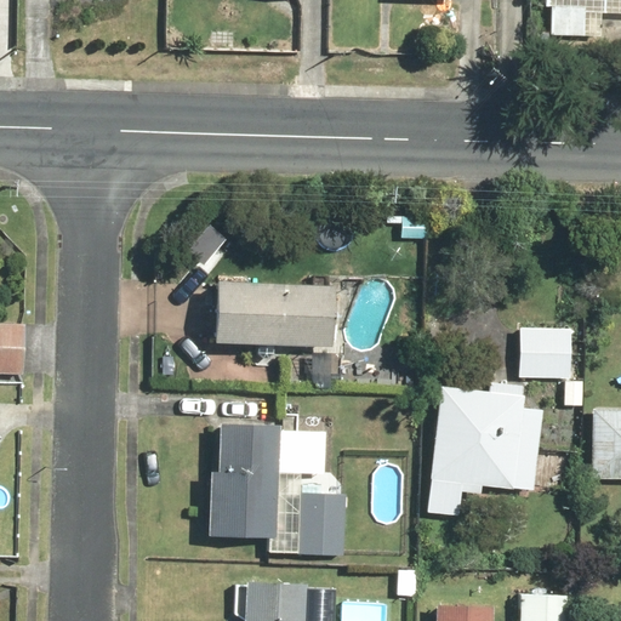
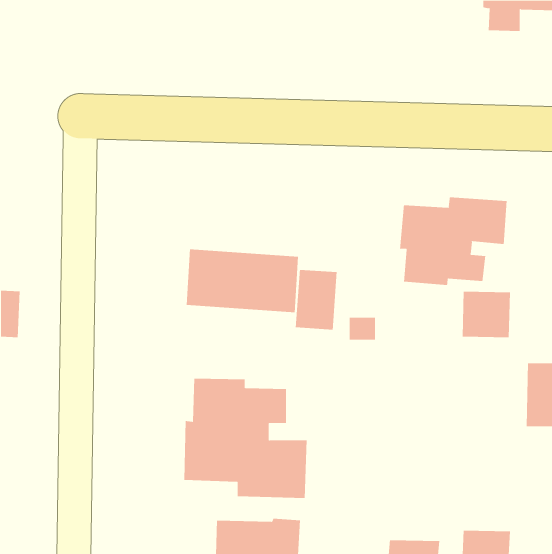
building: none -> [400,196,507,286]
building: none -> [295,269,337,330]
building: [429,384,543,517] -> none

